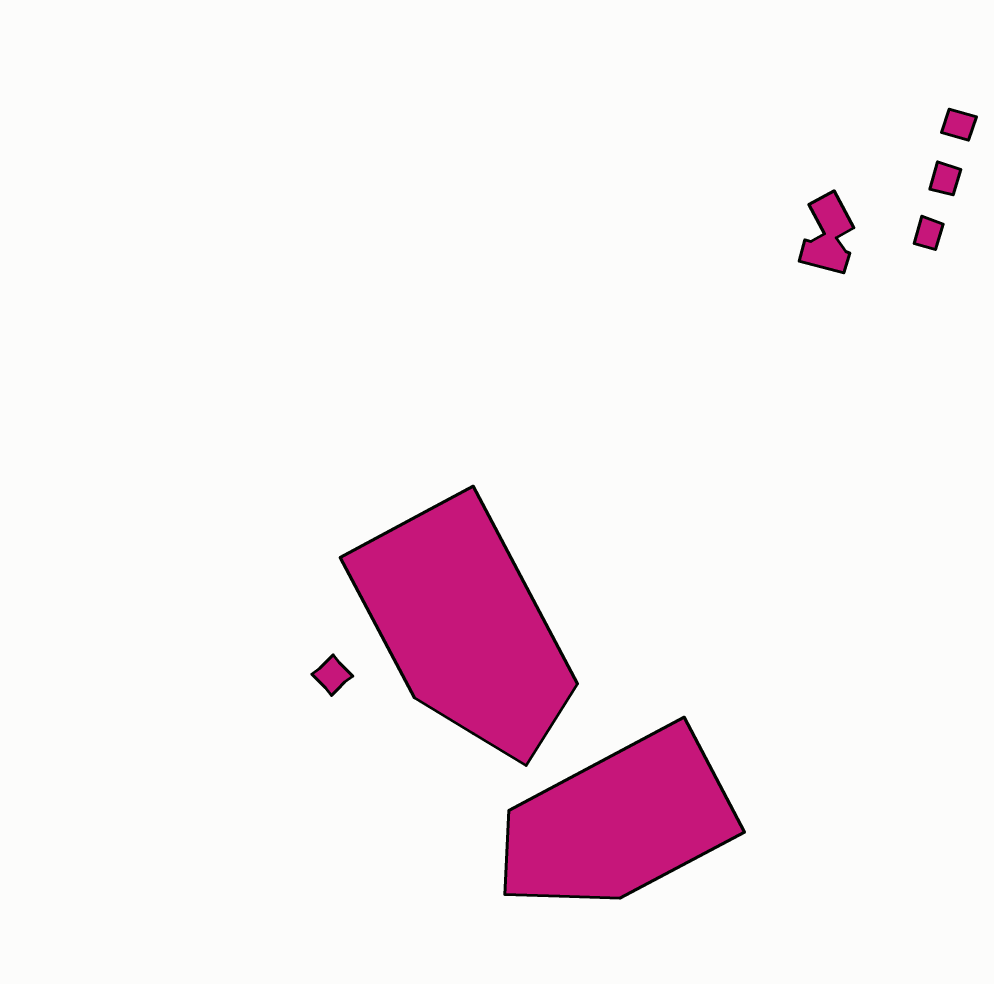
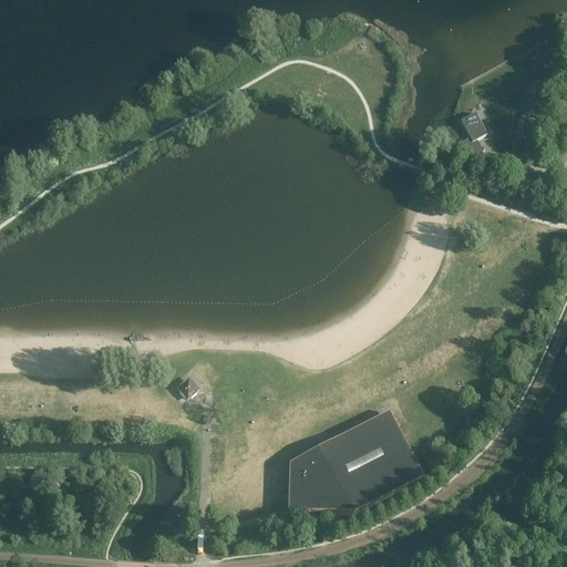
building: [340,486,578,766] -> none

